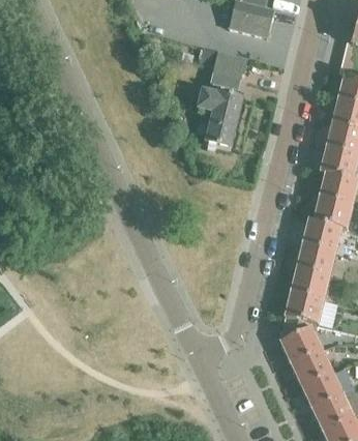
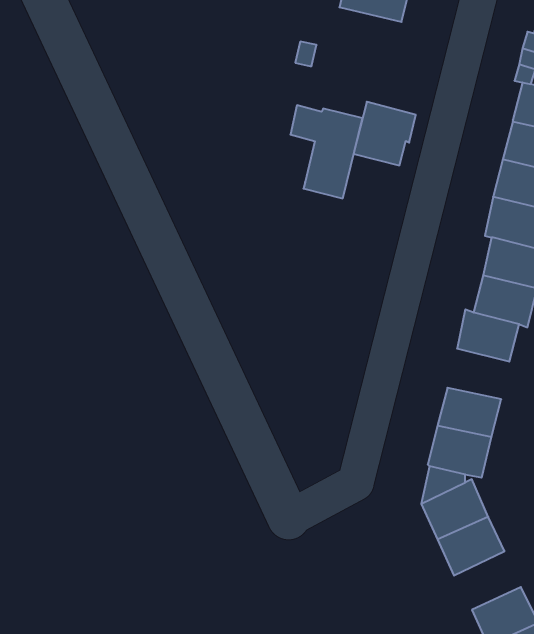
building: [209,49,248,89] -> [354,102,416,165]
building: [297,242,341,277] -> none
building: [301,371,344,408] -> none

